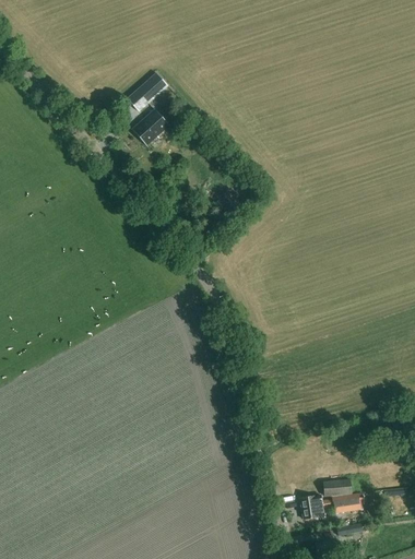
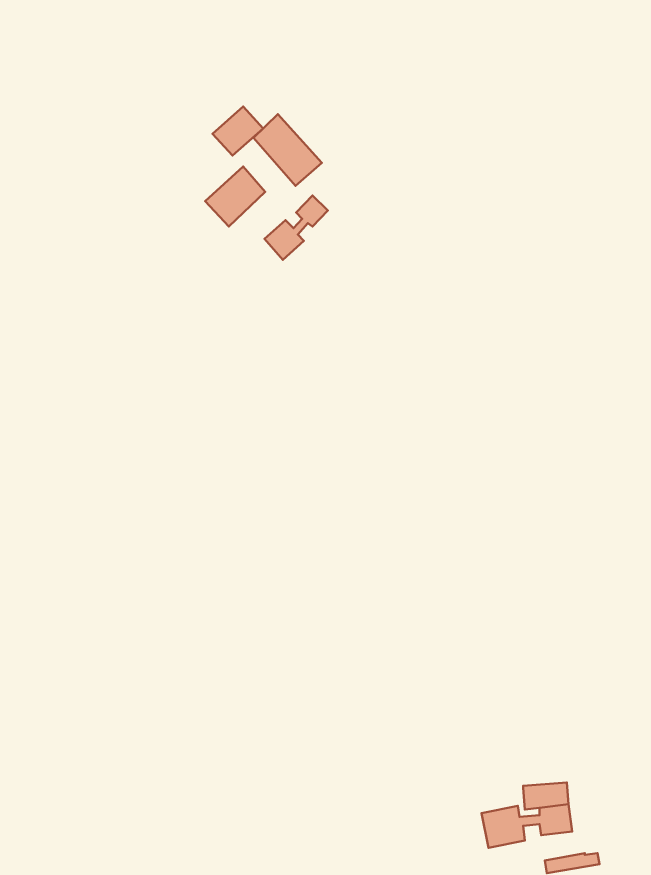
building: none -> [254,114,322,186]
building: none -> [264,195,328,260]

